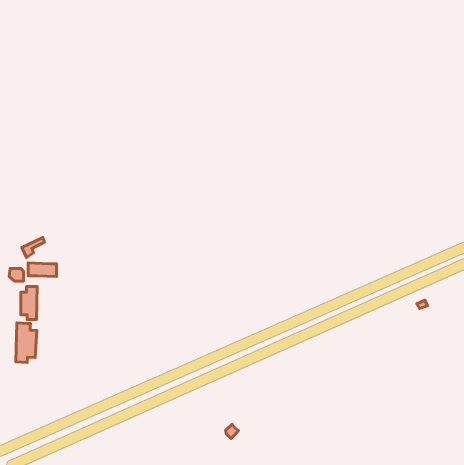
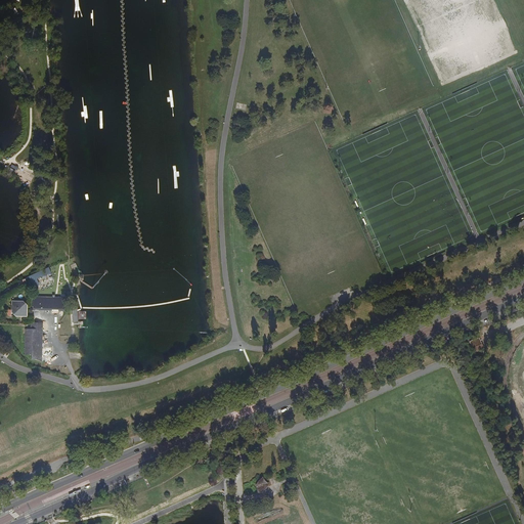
building: [16,323,37,363] -> none

